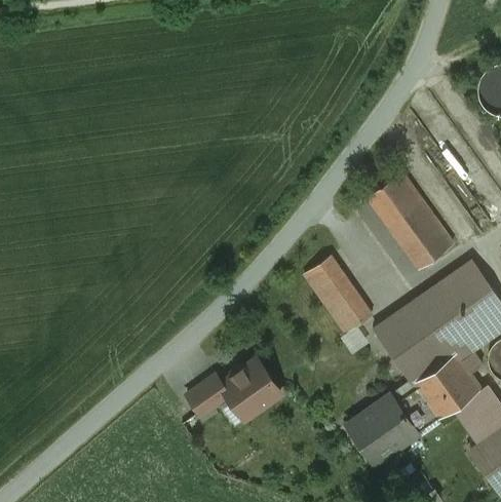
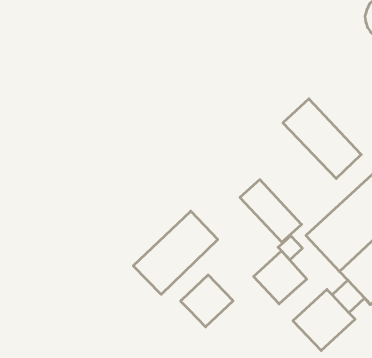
building: none -> [133,211,218,294]
building: none -> [254,251,307,304]
building: [187,375,228,415] -> none

